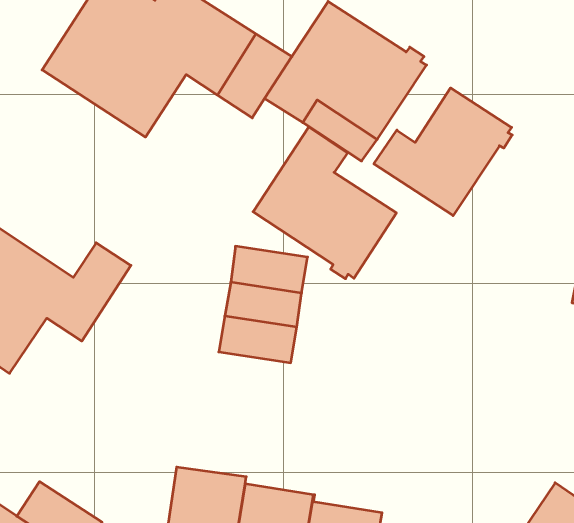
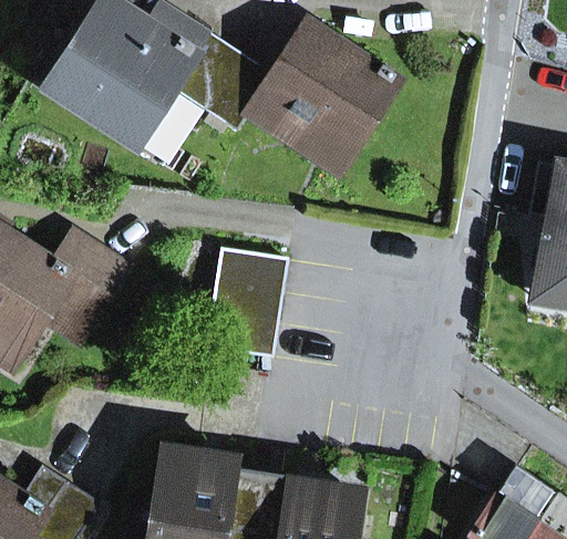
building: [374,88,512,216] -> none
building: [253,127,396,279] -> none

